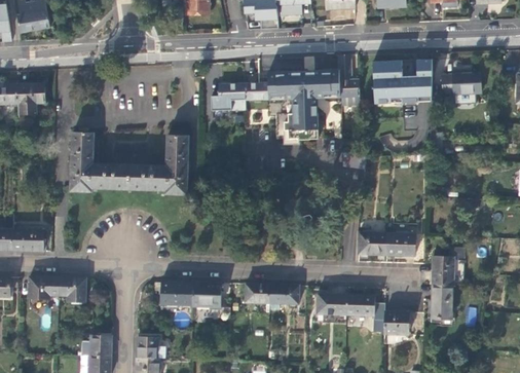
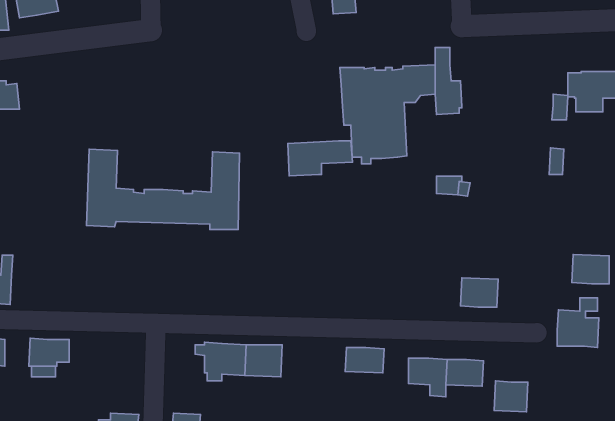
building: [375,62,423,112] -> none
building: [17,82,45,109] -> none
building: [218,83,267,110] -> [288,141,352,176]
building: [12,229,44,252] -> none
building: [385,232,414,255] -> [572,254,609,284]
building: [58,278,84,303] -> none
building: [246,284,270,303] -> none
building: [430,284,452,318] -> none

